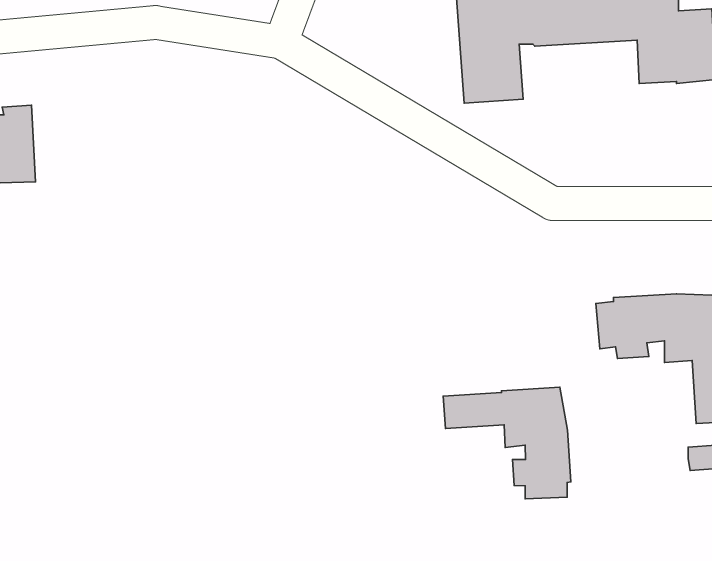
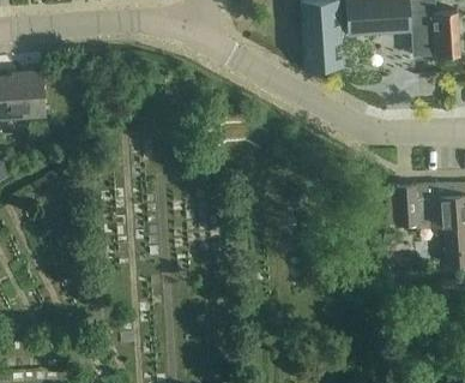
building: [443,387,571,499] -> none

